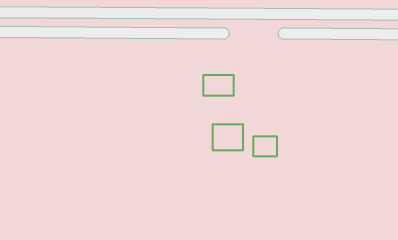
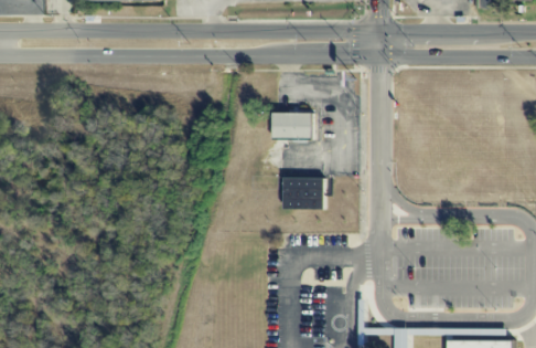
building: [254,136,277,156] -> none

